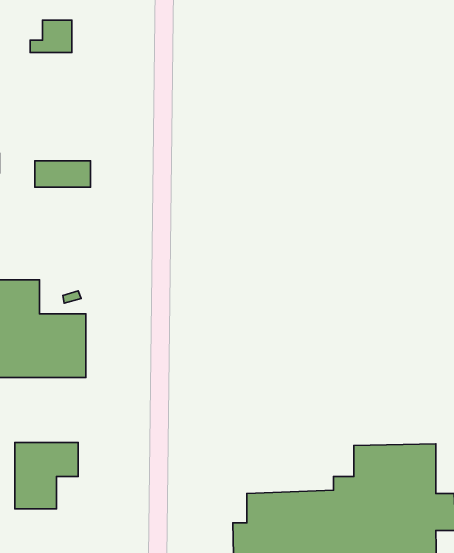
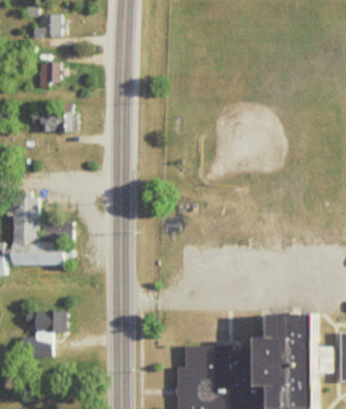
building: none -> [40,63,63,85]

